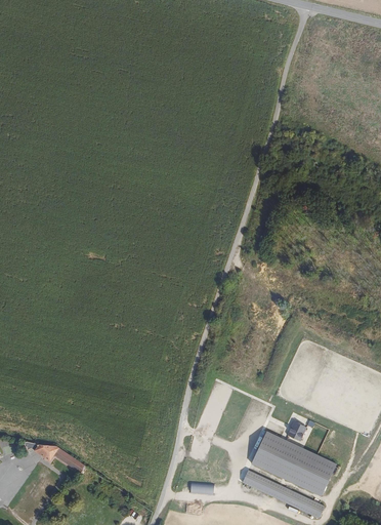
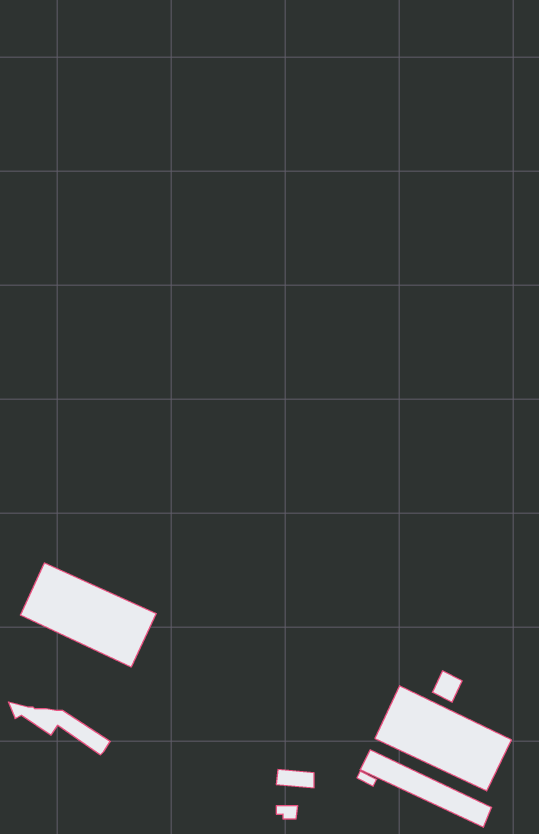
building: none -> [21,563,156,667]

